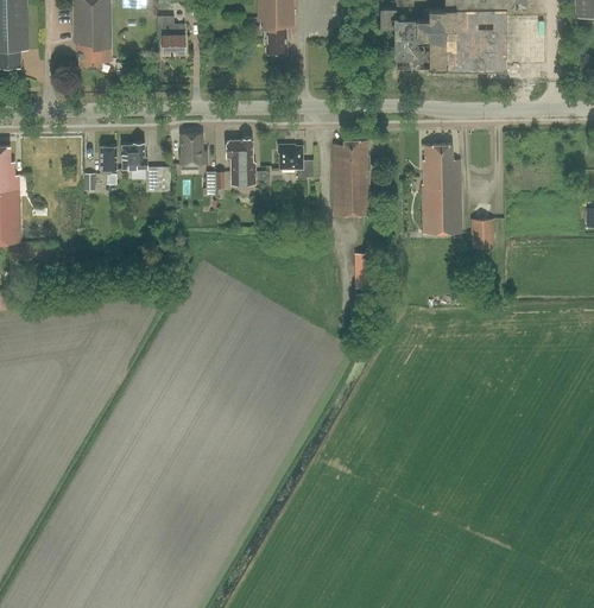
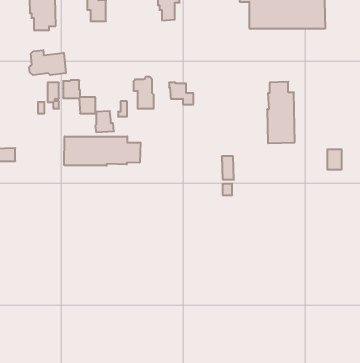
building: none -> [29,50,66,75]
building: [179,133,207,164] -> [95,111,114,132]
building: [335,138,372,214] -> none
building: [470,218,492,248] -> [327,149,342,170]
building: none -> [64,136,140,166]

